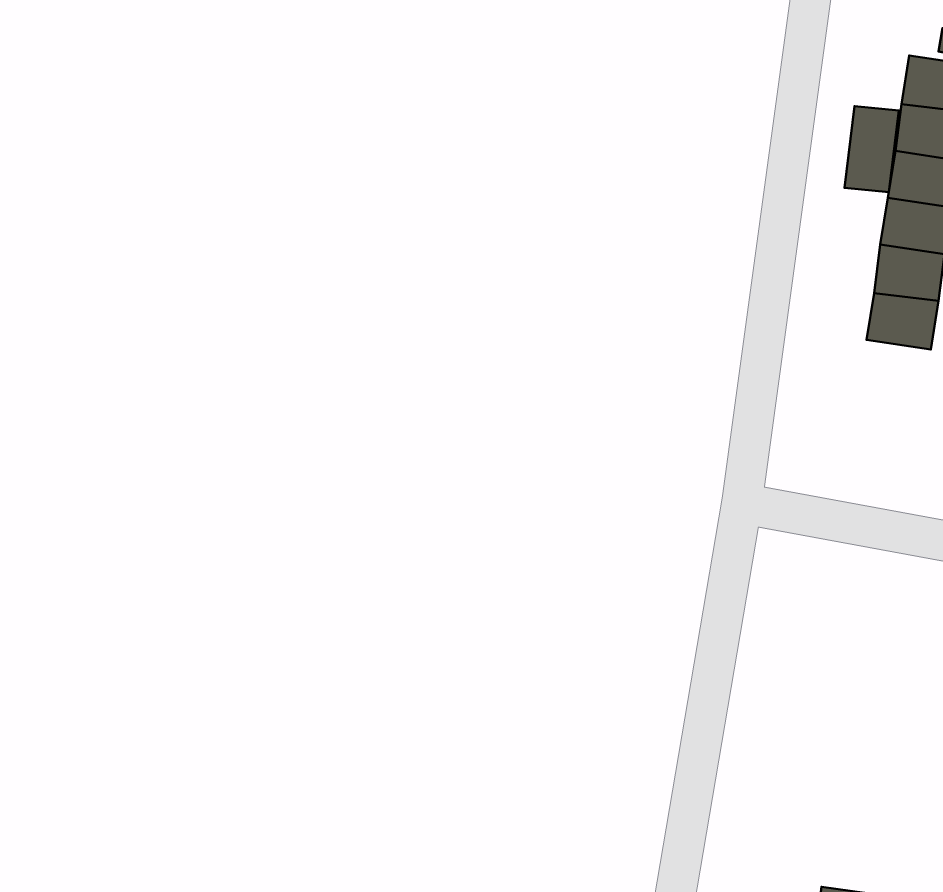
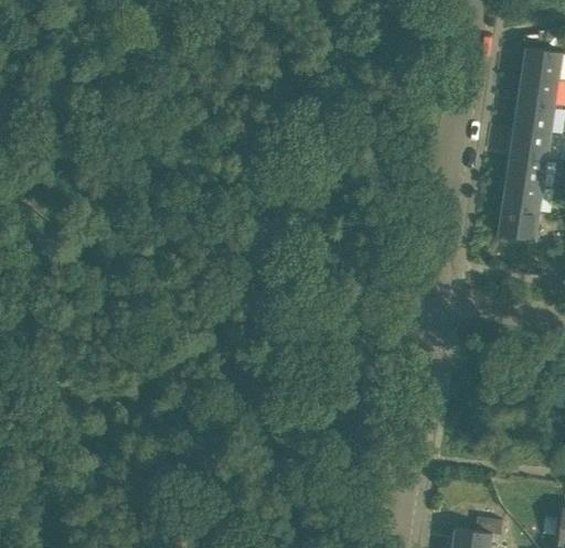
building: [845,106,899,192] -> none
building: none -> [499,208,539,240]

